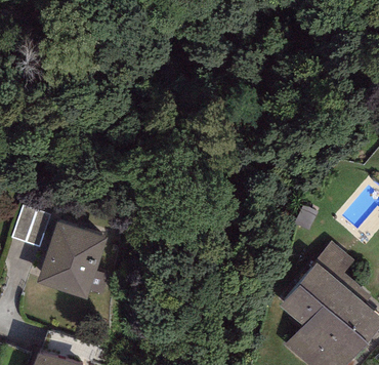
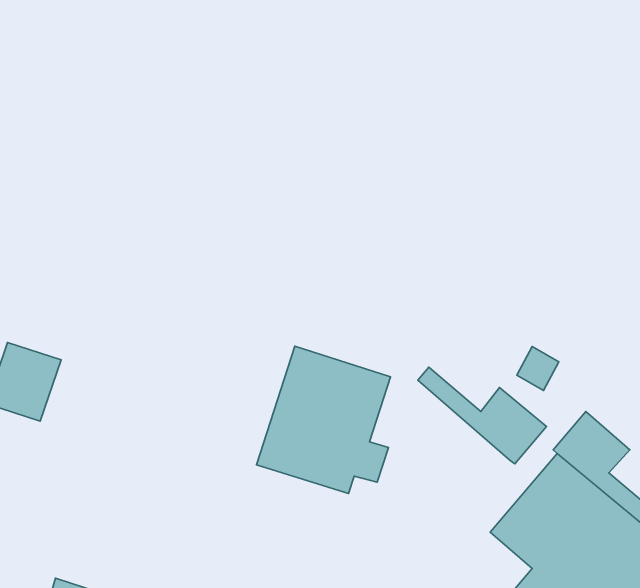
building: none -> [418,367,546,464]
building: [36,220,108,299] -> [256,346,391,494]

